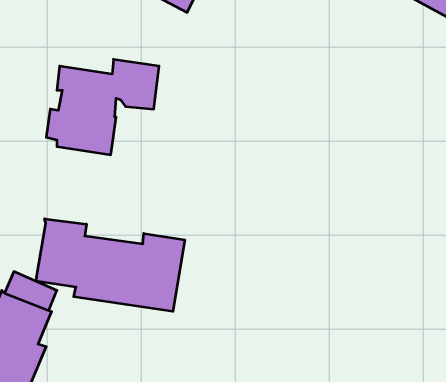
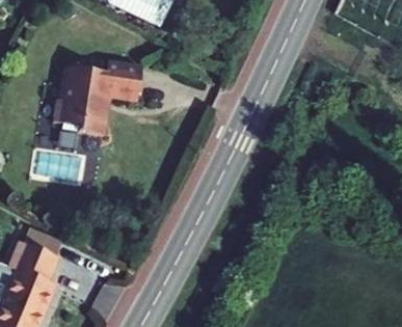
building: [36,219,185,311] -> none

